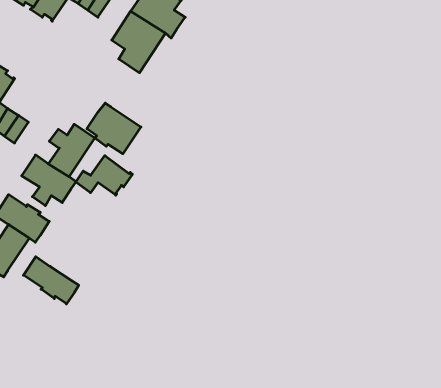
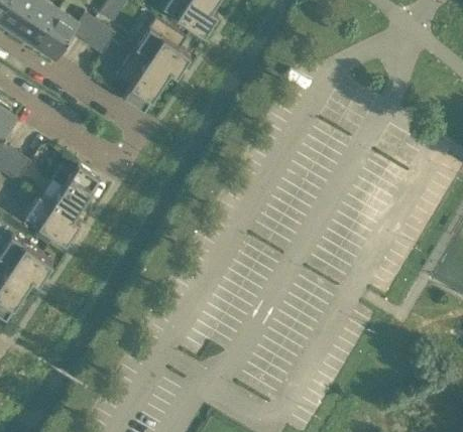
building: [87,103,141,154] -> none
building: [76,156,132,195] -> none
building: [23,257,79,304] -> none

